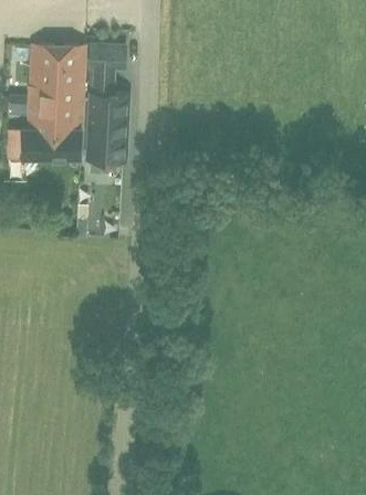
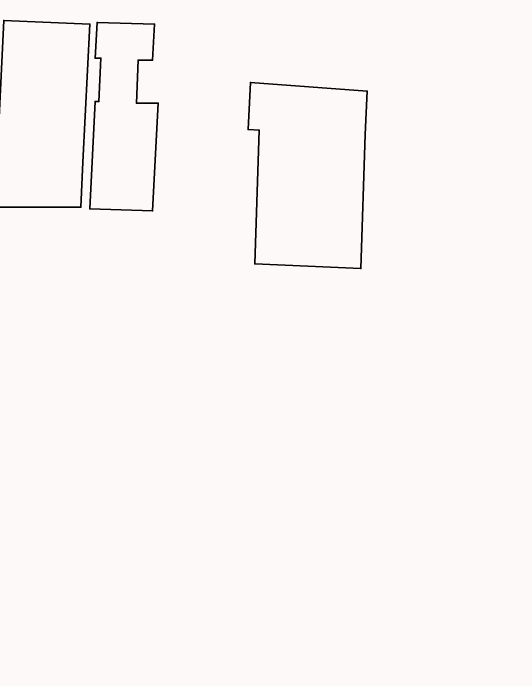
building: none -> [248,83,367,268]

